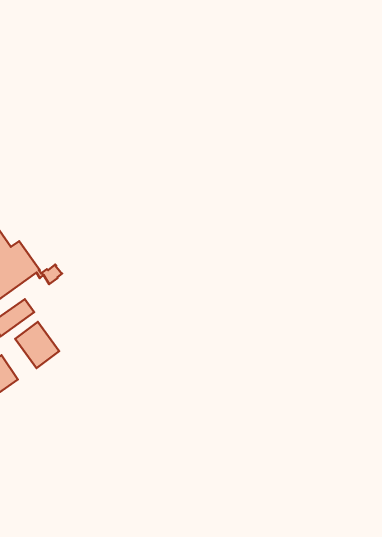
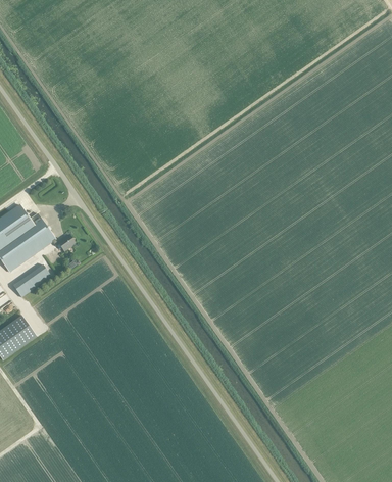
building: [15,322,59,368] -> none

